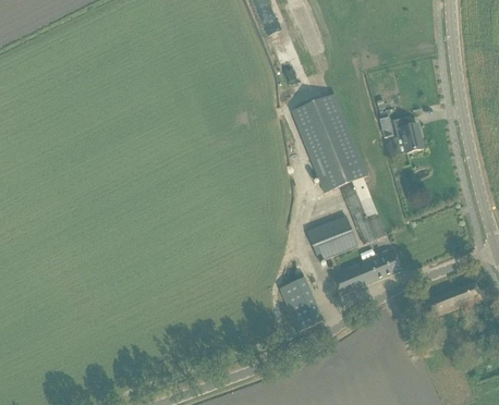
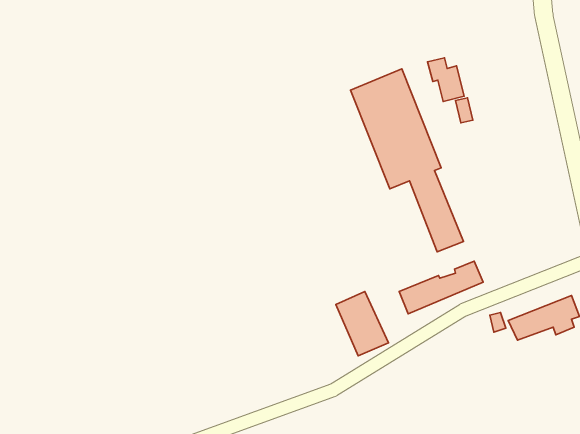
building: [392,116,423,152] -> [427,58,464,101]
building: [306,214,356,260] -> none

